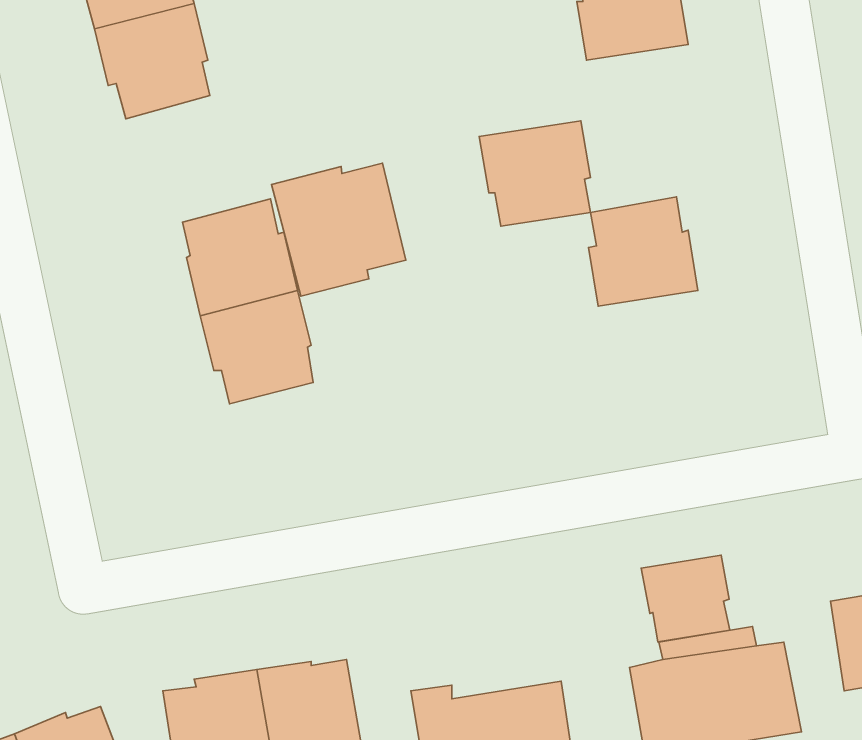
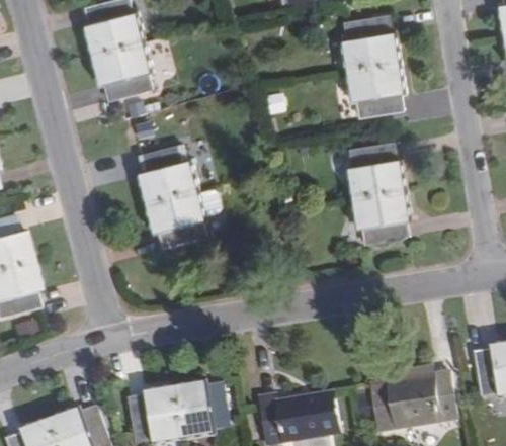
building: [479,121,591,226] -> [347,63,405,117]
building: [271,163,406,296] -> none
building: none -> [353,190,410,245]
building: [641,555,730,642] -> none

